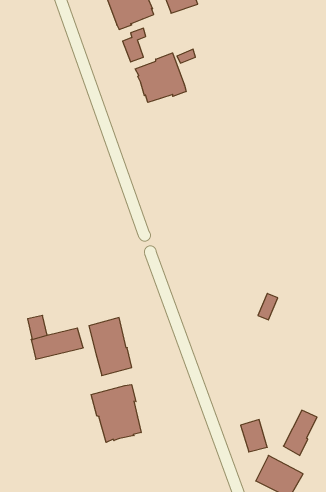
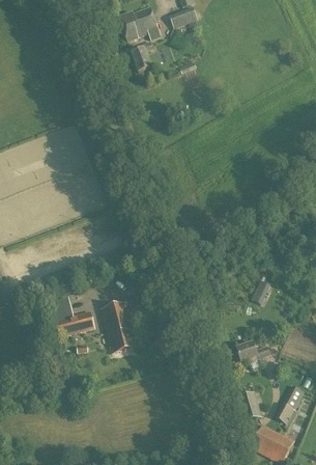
building: [135,53,186,102] -> none
building: none -> [233,343,267,362]
building: [91,385,141,442] -> none

